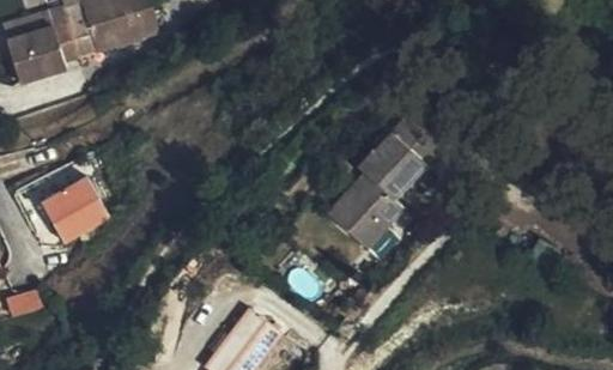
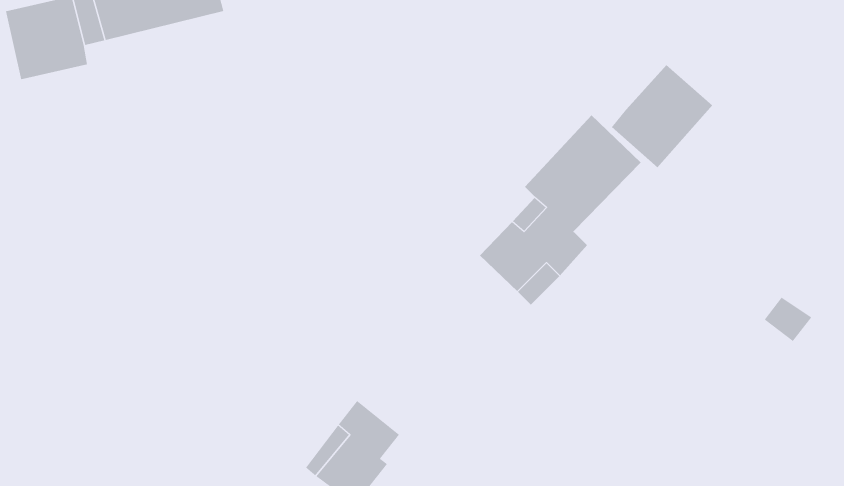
building: none -> [611,64,713,168]
building: [35,174,107,244] -> none

